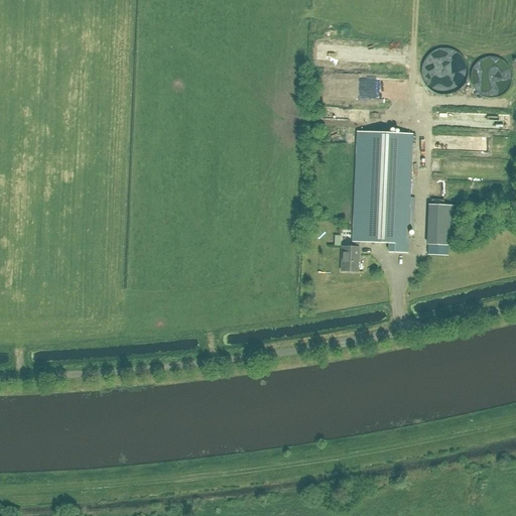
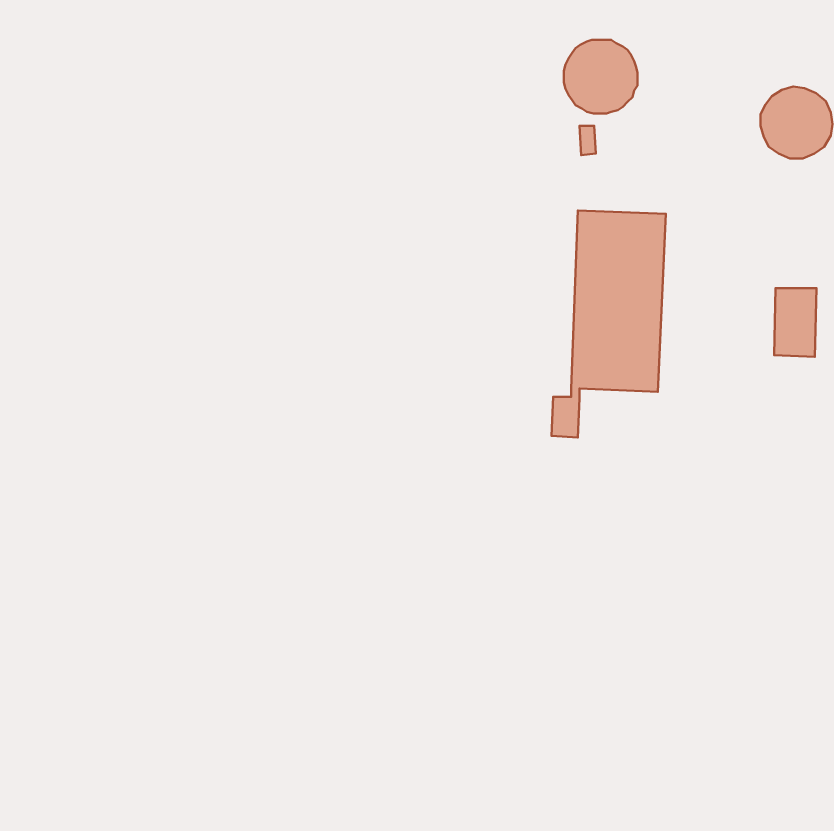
building: [421,47,467,93] -> [564,40,637,113]
building: [425,205,452,247] -> [774,288,816,357]

